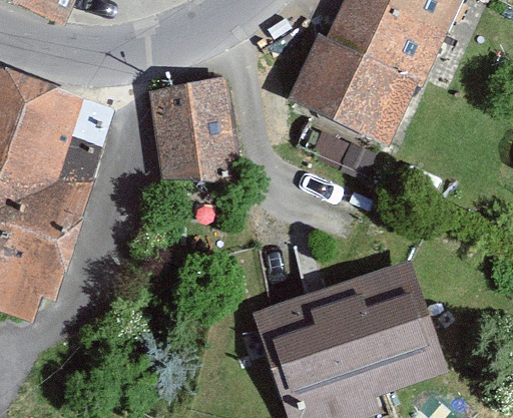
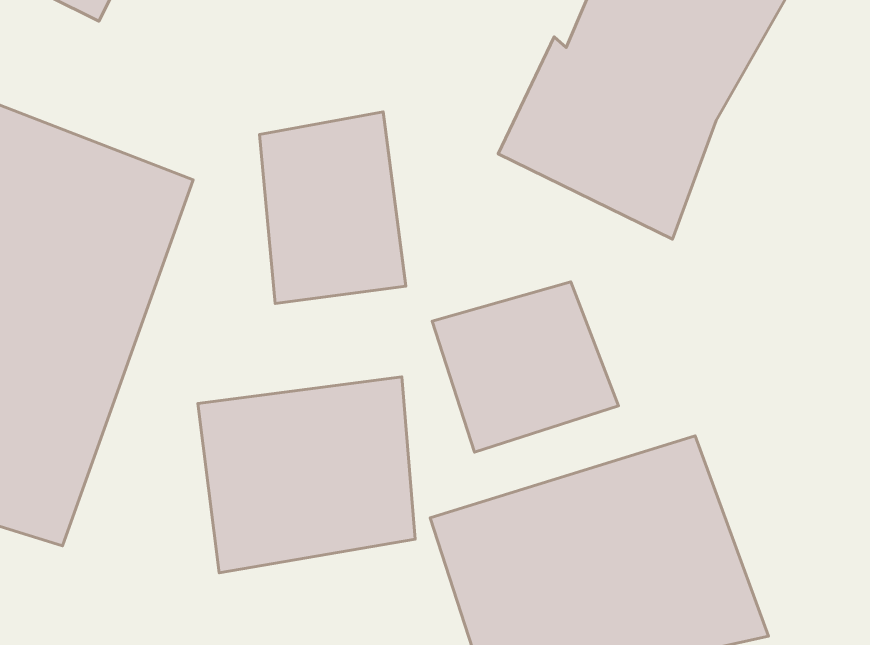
building: none -> [432,282,619,452]
building: none -> [198,377,415,573]

